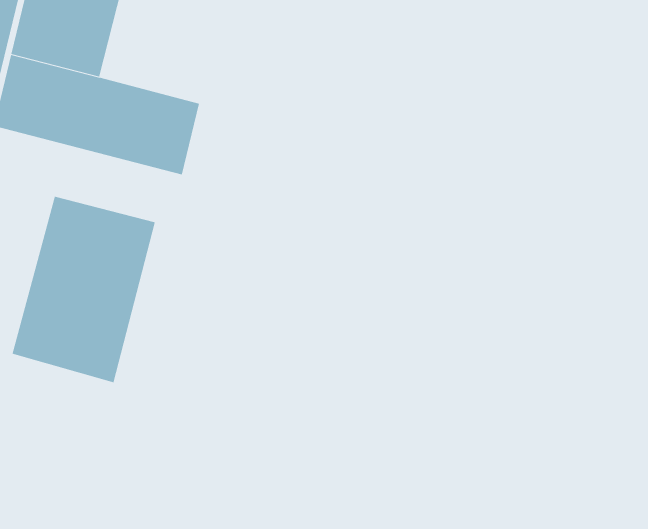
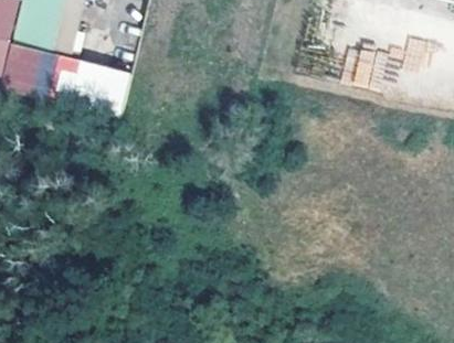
building: [12,196,156,383] -> none

